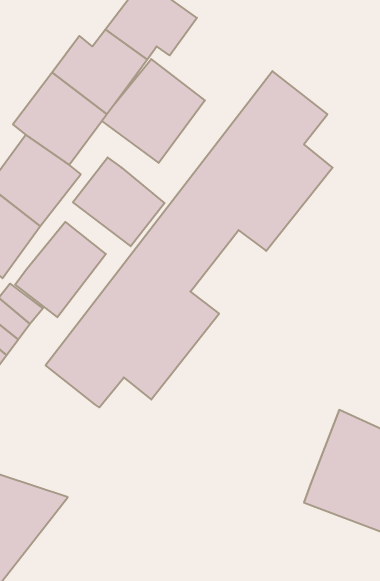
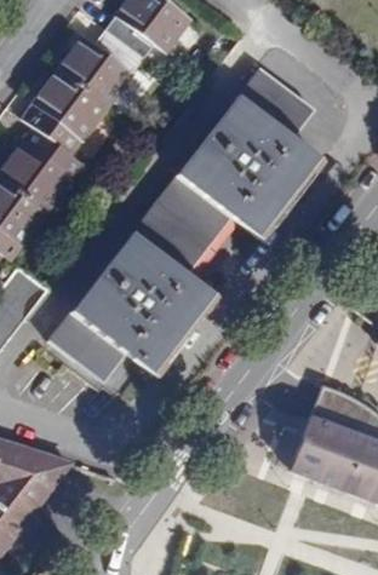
building: [102,59,205,163] -> none
building: [73,157,165,246] -> none
building: [15,222,106,317] -> none

